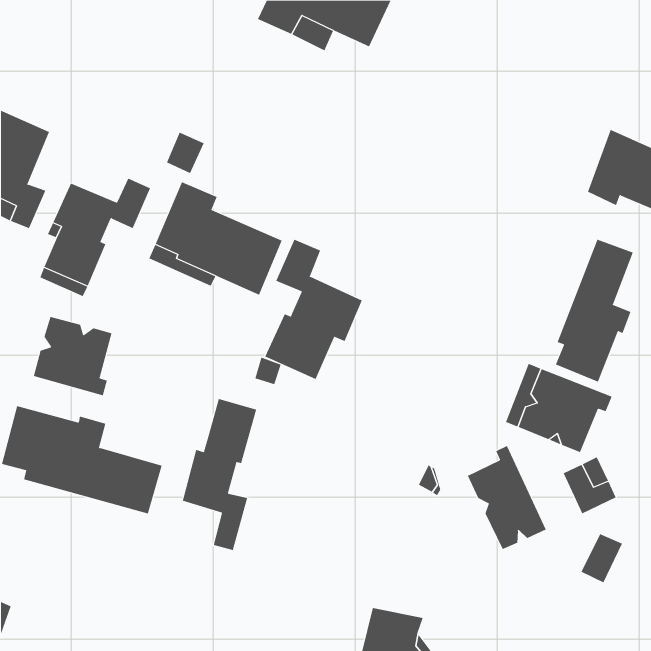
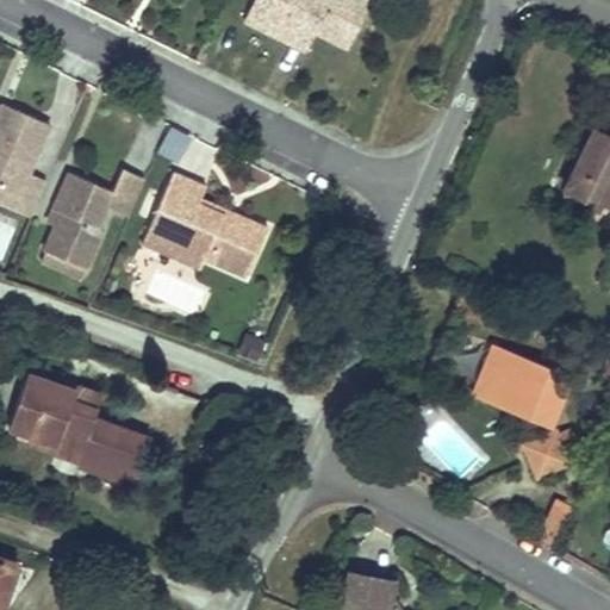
building: [265,239,363,380] -> none
building: [555,239,633,382] -> none
building: [33,316,112,396] -> none
building: [182,398,257,551] -> none
building: [467,445,546,550] -> none

